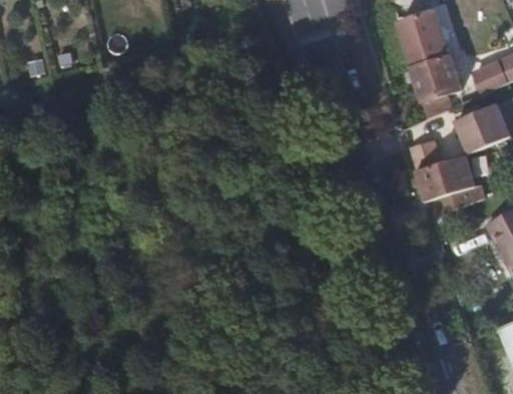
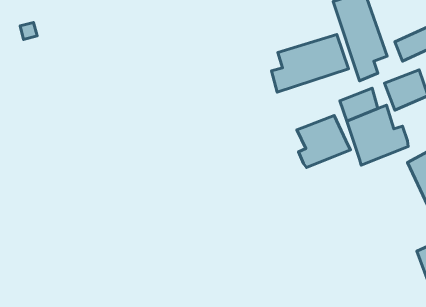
building: none -> [272,34,348,92]
building: none -> [297,116,350,167]

